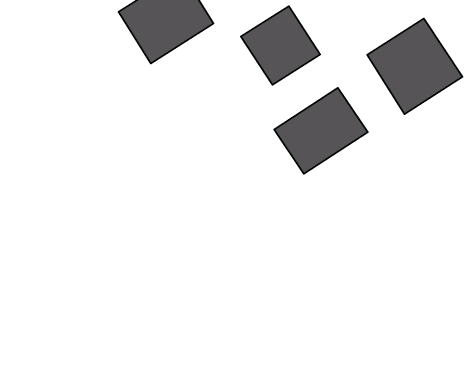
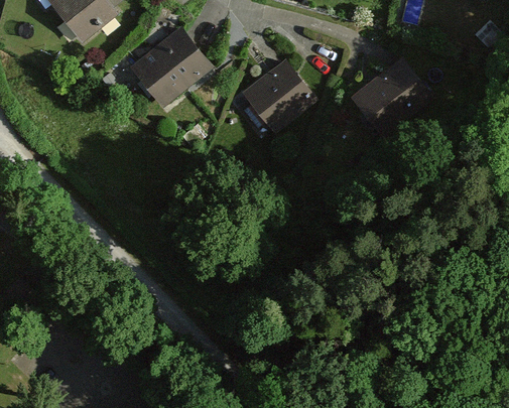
building: [274,88,368,174] -> none

